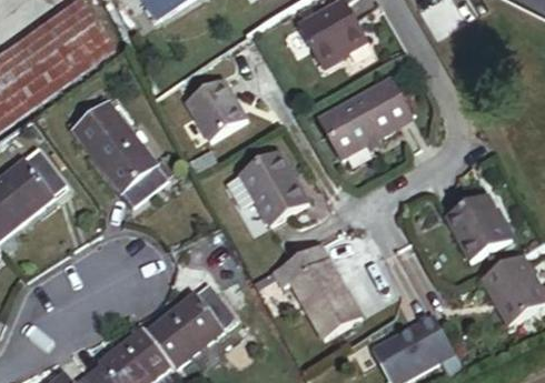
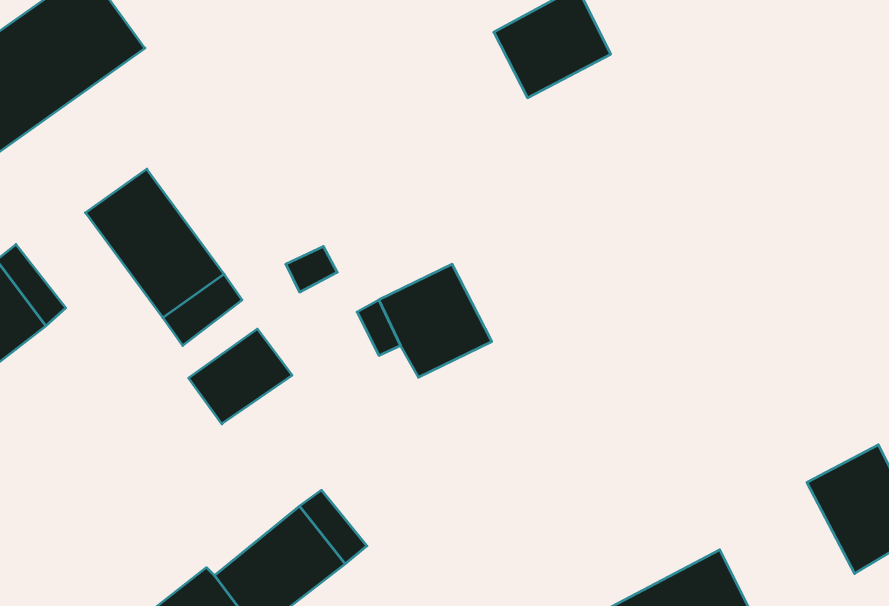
building: [191,87,248,143] -> none
building: [321,88,413,163] -> none
building: none -> [189,329,292,424]
building: [443,205,508,271] -> none
building: [269,249,357,341] -> none

